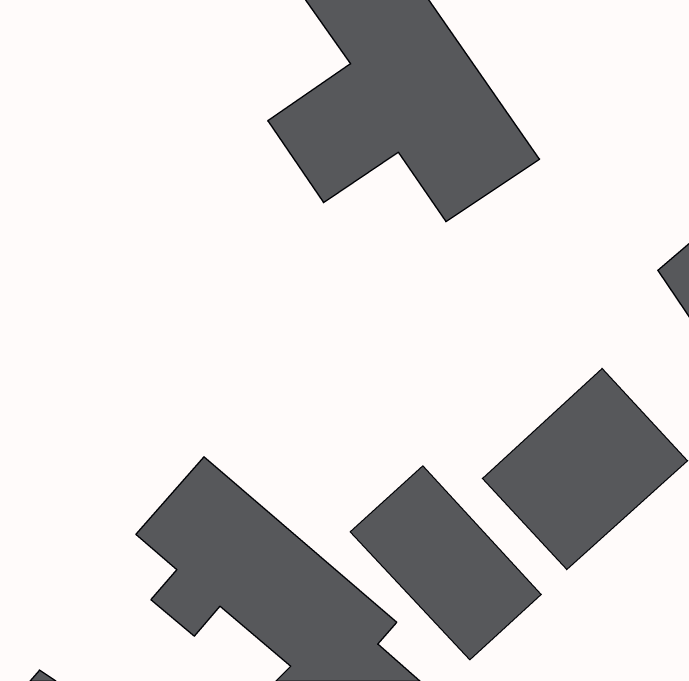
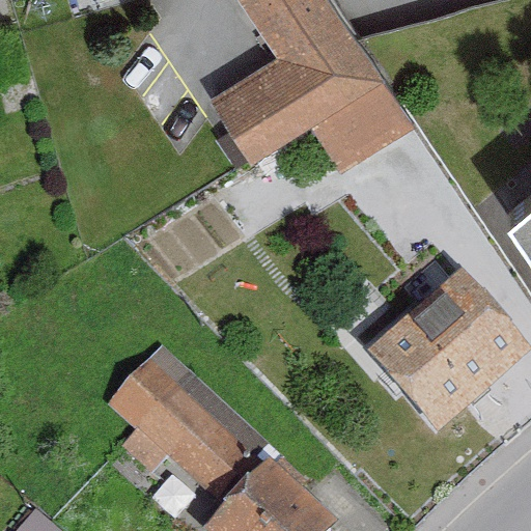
building: [350,466,541,660] -> none

